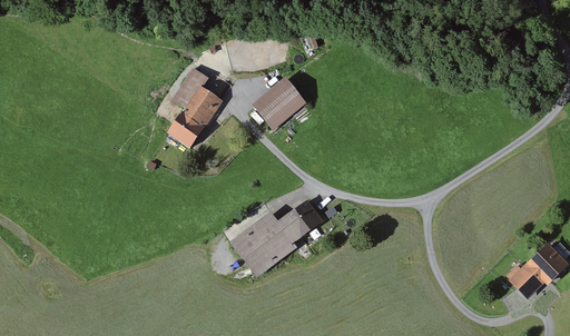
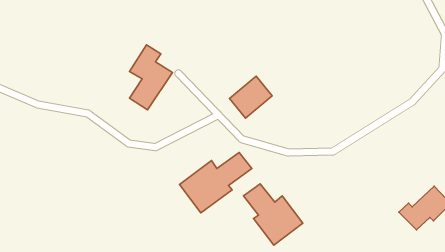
building: [252,77,305,129] -> [229,76,272,118]
building: none -> [243,184,303,245]

